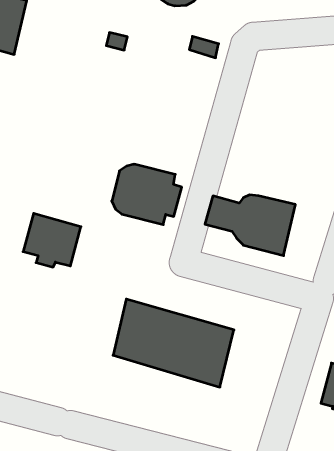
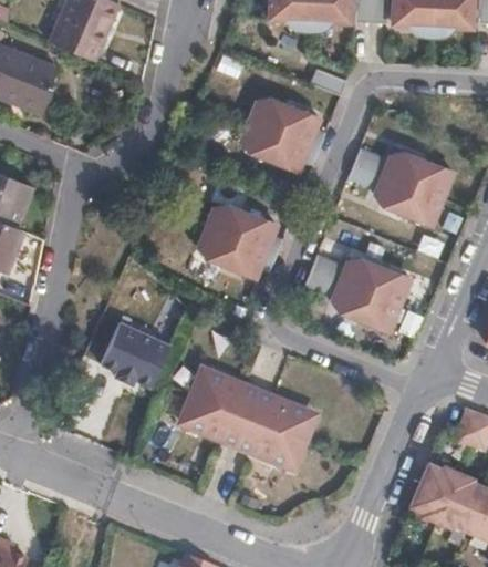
building: none -> [241,101,322,173]
building: none -> [344,147,451,227]
building: [23,213,81,267] -> [102,320,172,385]

